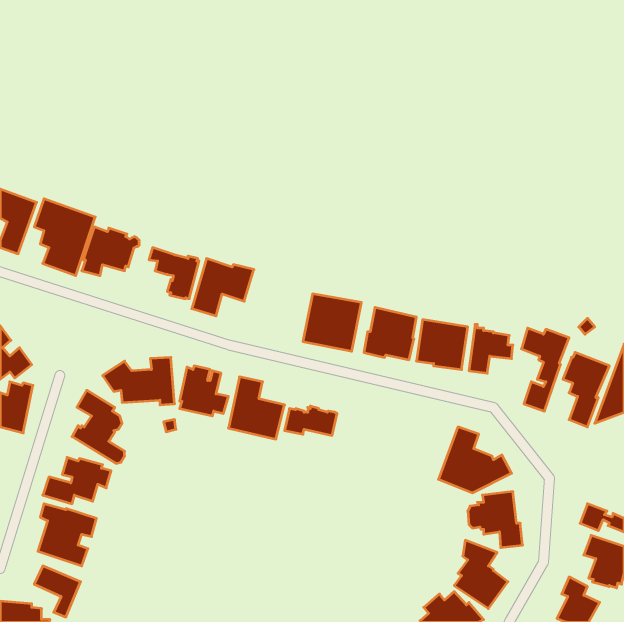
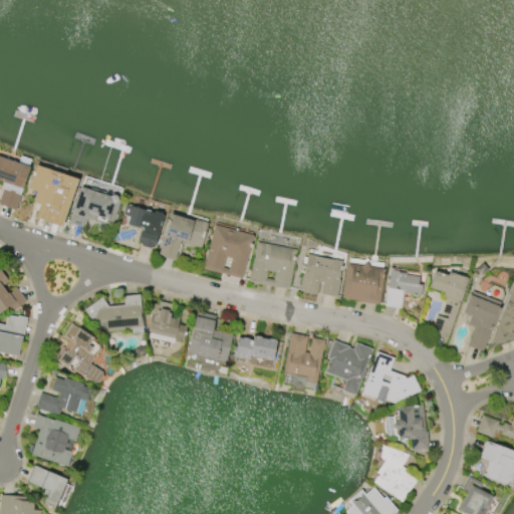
building: none -> [203,225,254,278]
building: none -> [283,332,325,389]
building: none -> [324,340,372,396]

